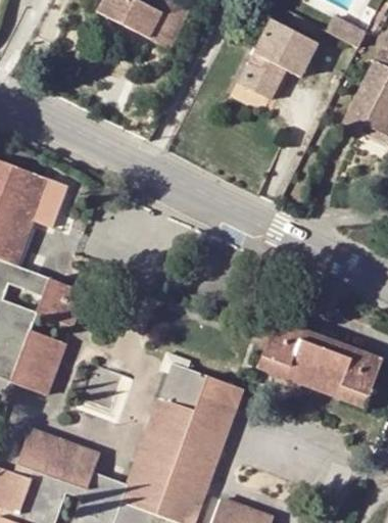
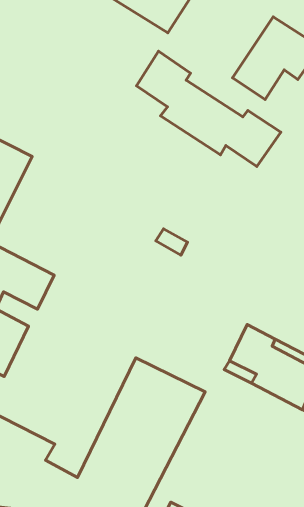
building: none -> [136,51,281,166]

